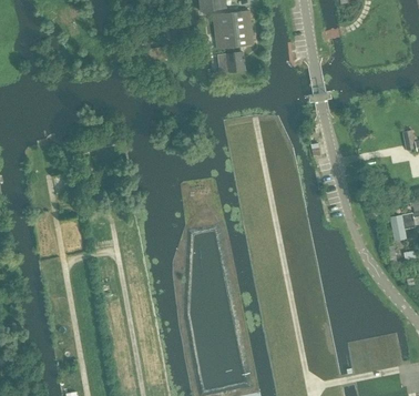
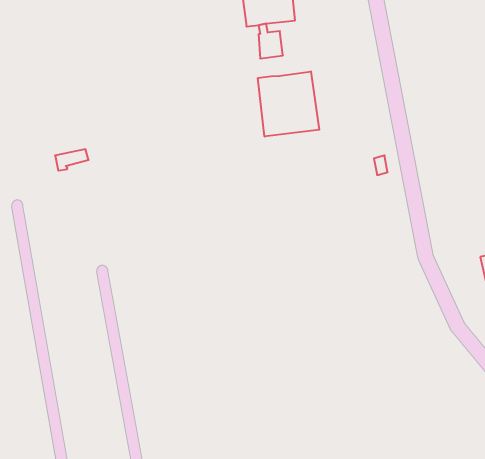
building: none -> [258,71,319,137]

